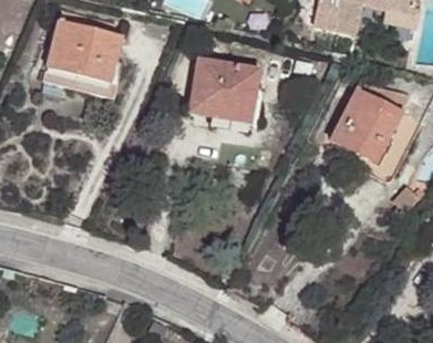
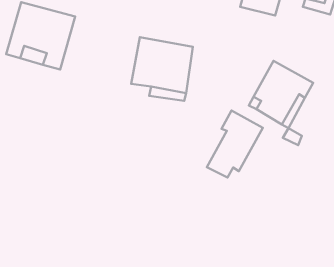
building: none -> [207,110,263,178]

